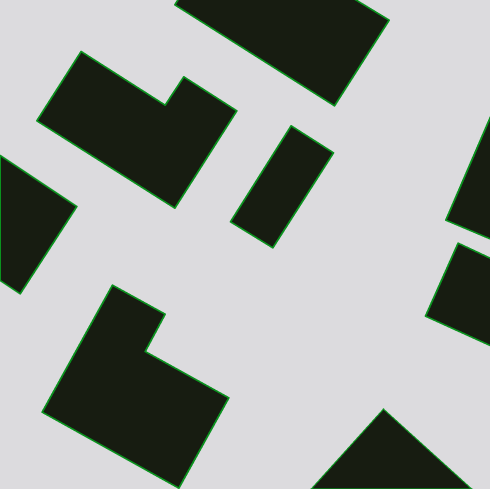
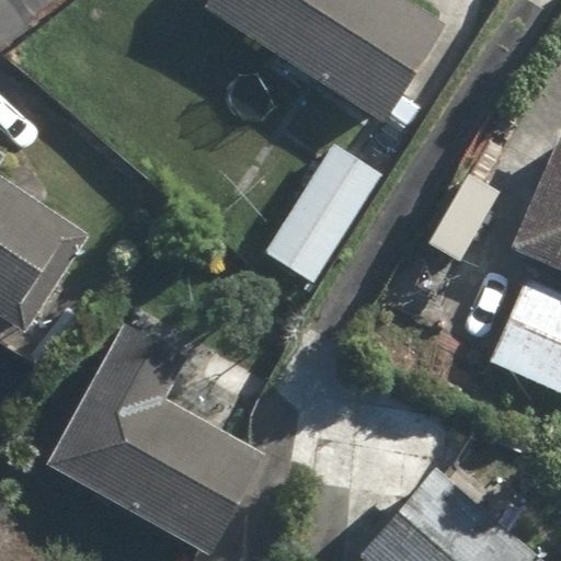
building: [37,52,237,208] -> none

